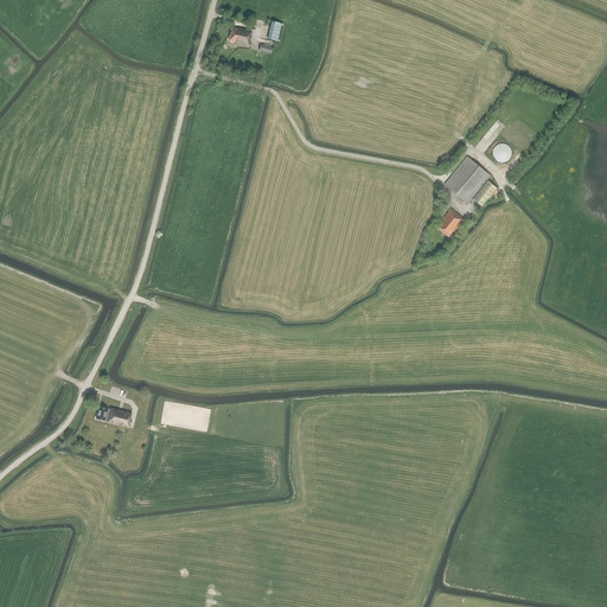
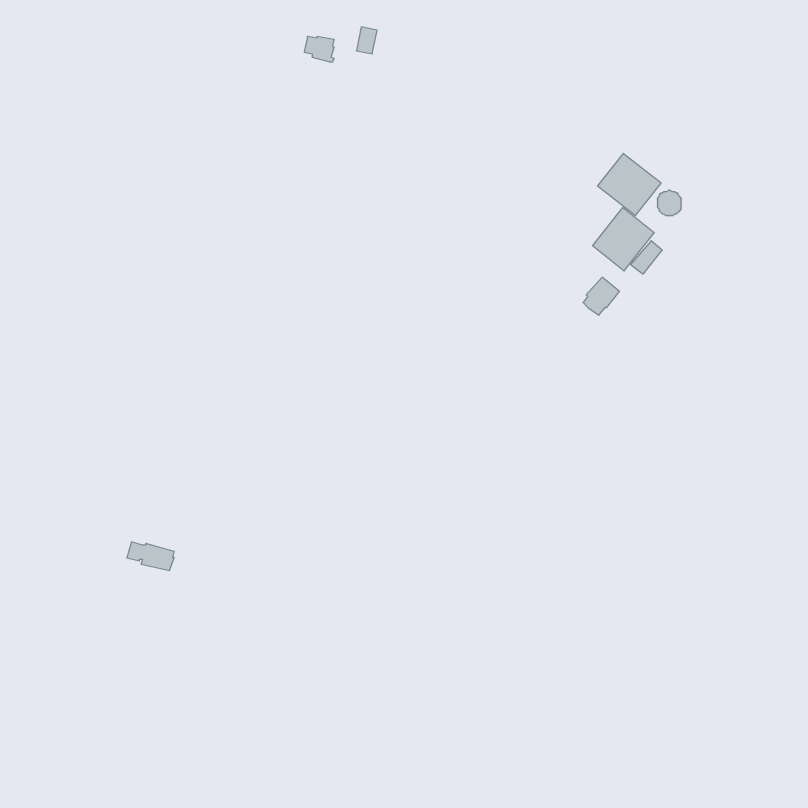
building: none -> [598,153,661,216]

